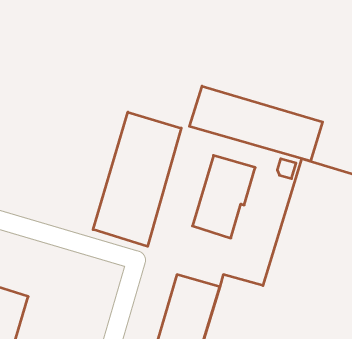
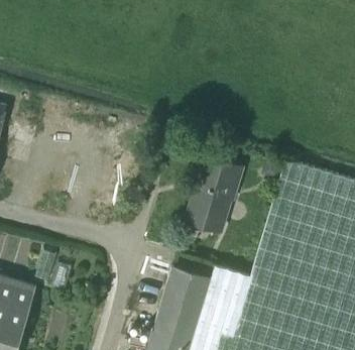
building: [189,86,323,161] -> none
building: [93,112,181,246] -> none

